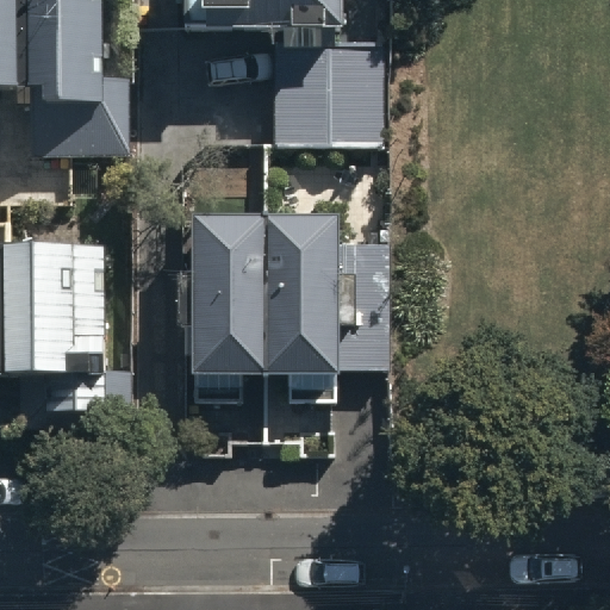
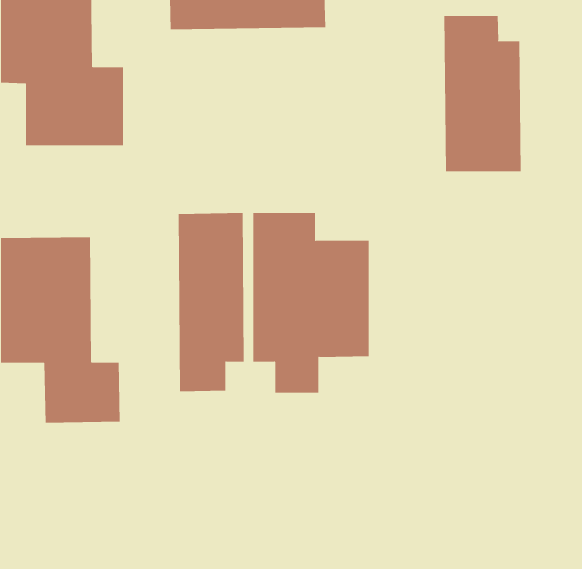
building: none -> [444,15,521,172]
building: [272,35,386,137] -> none

